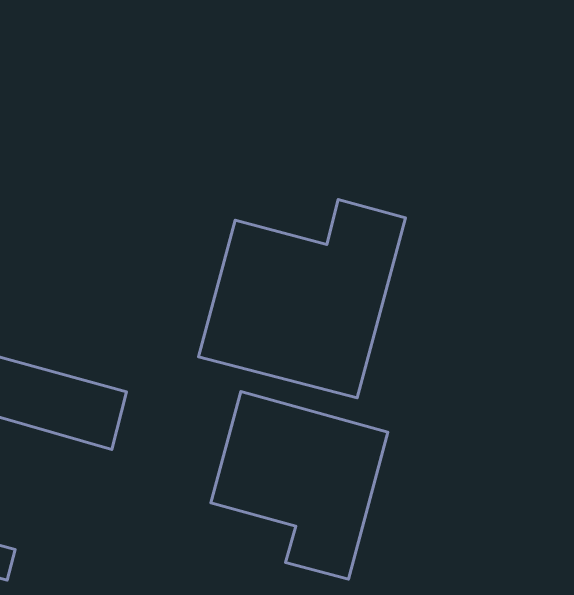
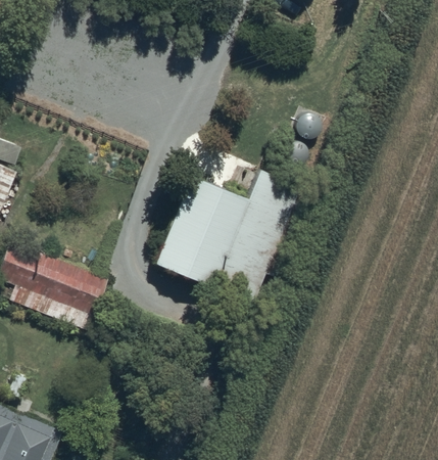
building: [211,391,388,579] -> none

